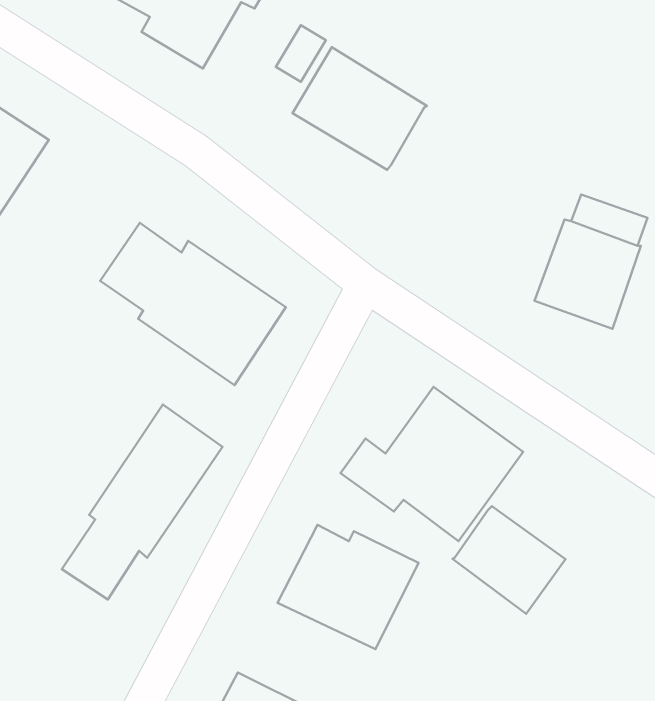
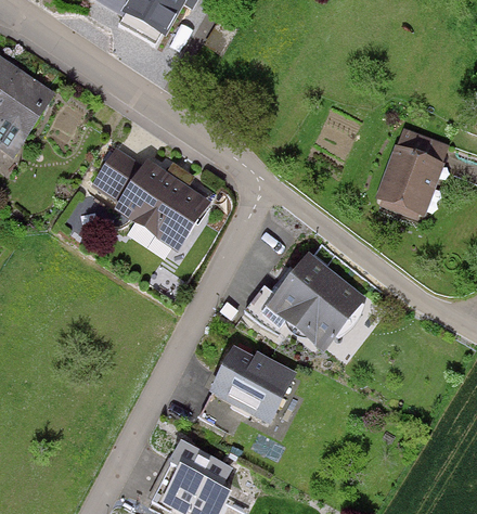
building: [292,47,427,170] -> none
building: [62,405,223,600] -> none
building: [452,506,566,614] -> none

